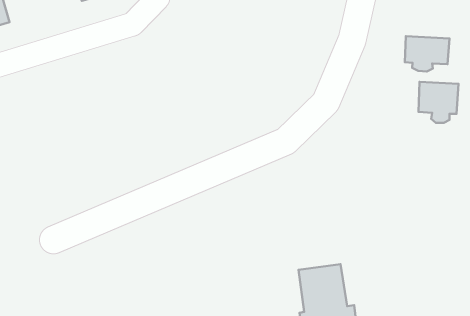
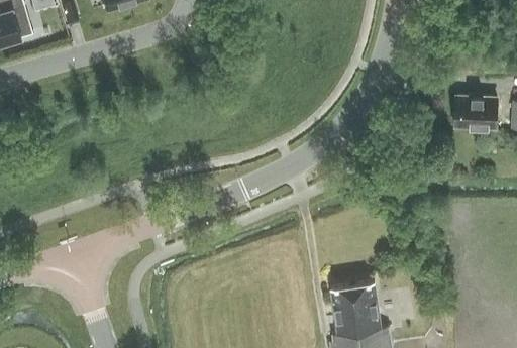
building: [405,36,449,71] -> none

